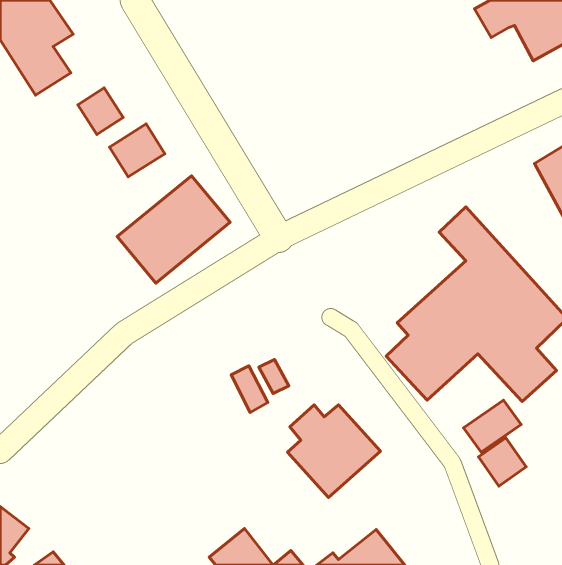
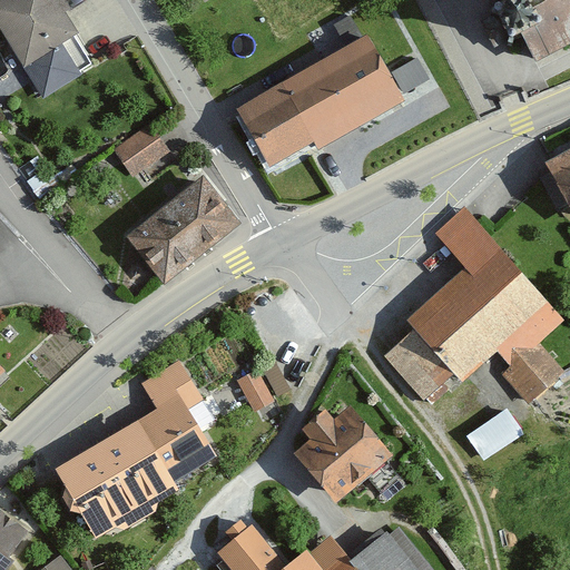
building: none -> [247,16,409,159]
building: [78,88,123,134] -> none
building: none -> [53,353,220,535]
building: [478,438,526,486] -> none

